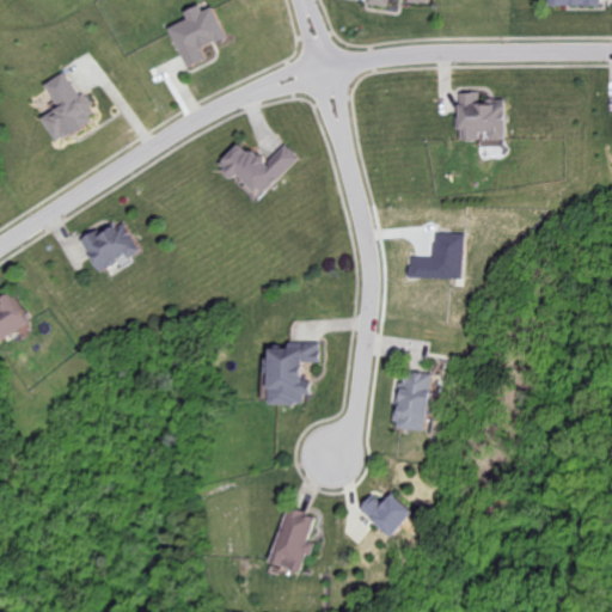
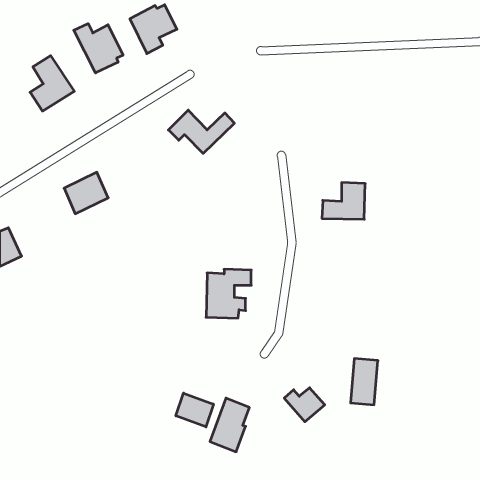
building: none -> [74,24,123,73]
building: [457,92,502,140] -> none
building: [396,372,430,430] -> [351,359,378,405]
building: none -> [176,393,213,427]

